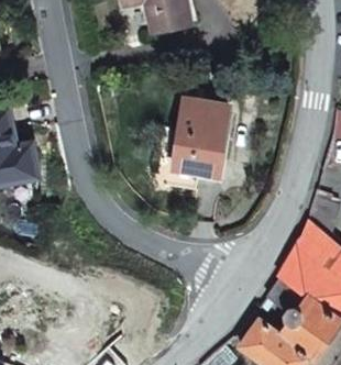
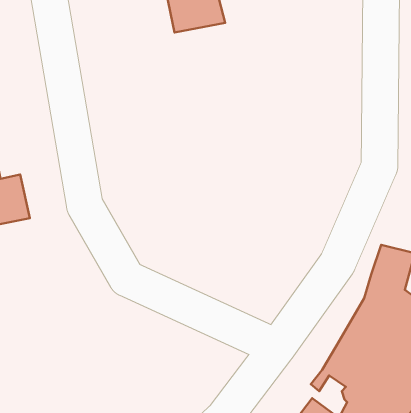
building: [174,98,228,175] -> none

